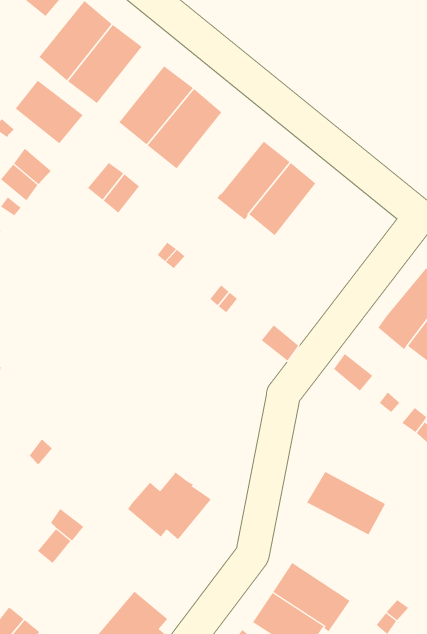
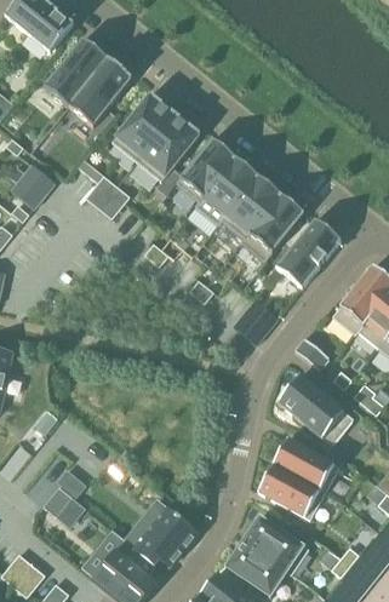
building: [15,80,84,144] -> none
building: none -> [176,138,235,202]
building: none -> [240,194,304,262]
building: none -> [276,219,341,288]
building: none -> [278,375,353,446]
building: [127,472,211,540] -> [125,509,196,567]
building: none -> [257,465,325,520]

